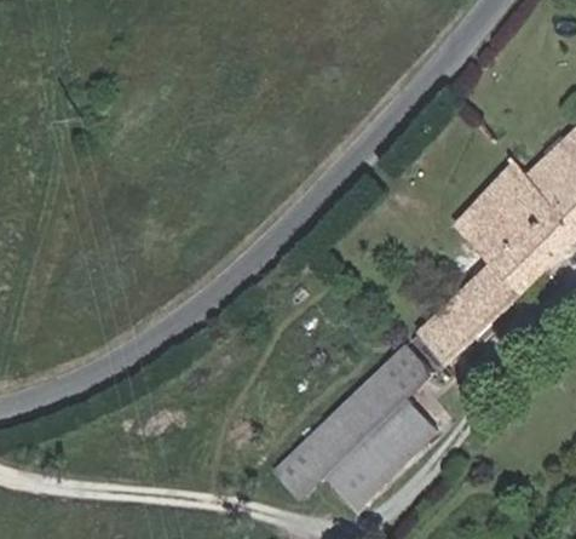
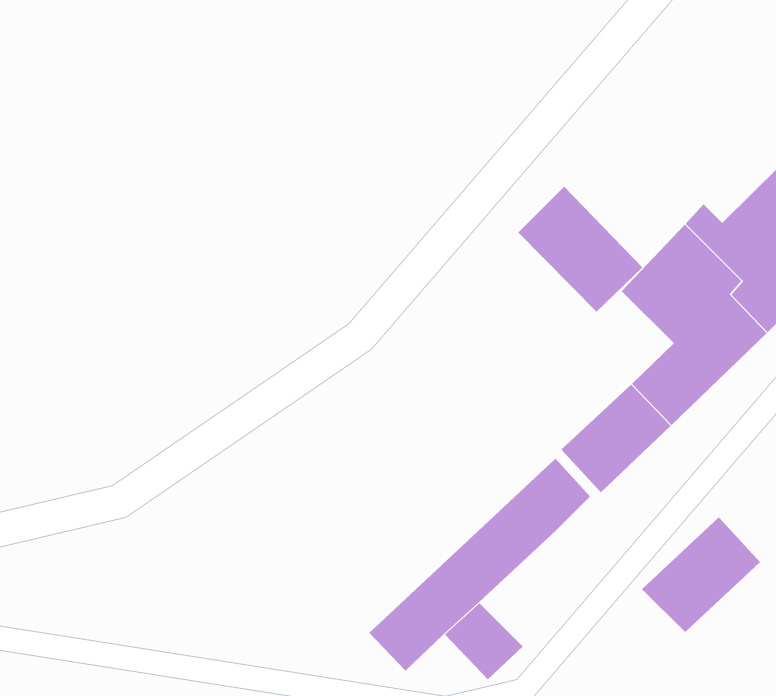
building: none -> [517,186,643,312]
building: [353,396,439,480] -> [641,517,761,633]

